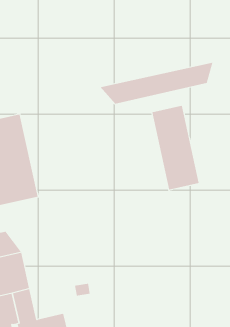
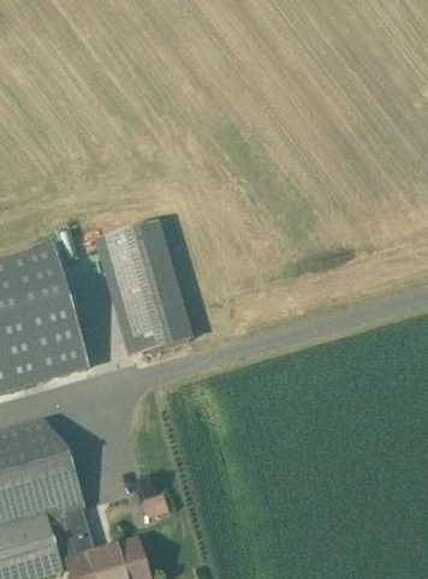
building: [100,62,213,105] -> none
building: [152,105,199,190] -> [111,221,189,350]

